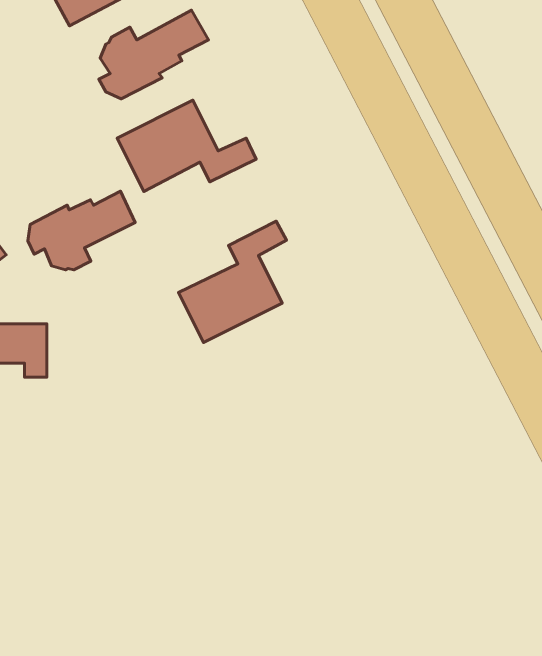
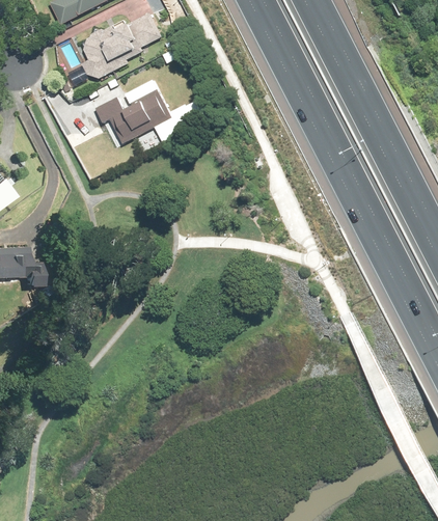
building: [28,191,135,270] -> none
building: [178,221,286,342] -> none

